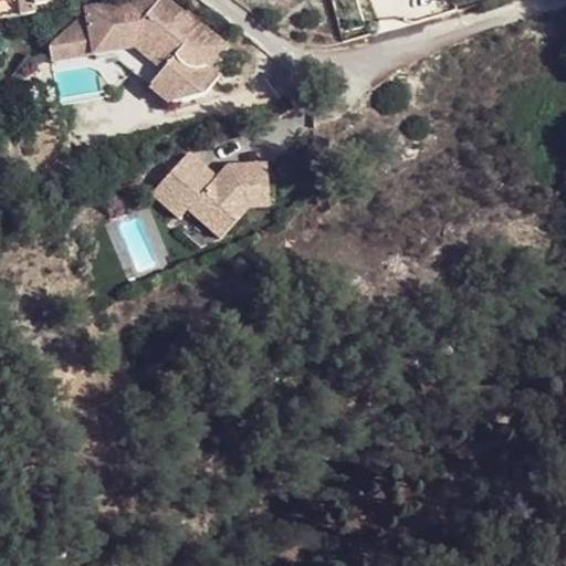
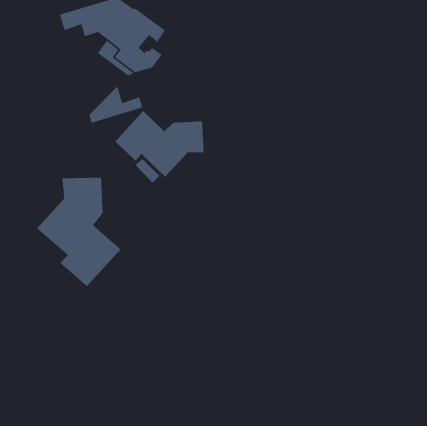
building: [43,19,115,70] -> [88,85,143,124]
building: none -> [36,177,121,287]

